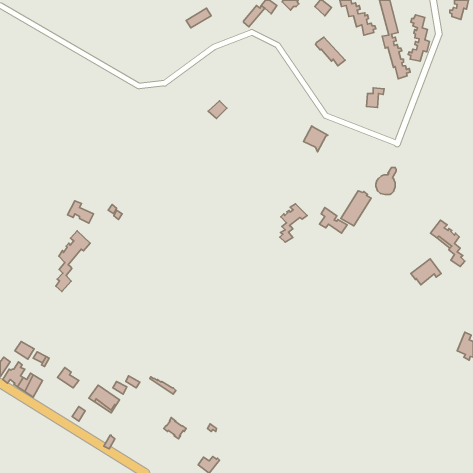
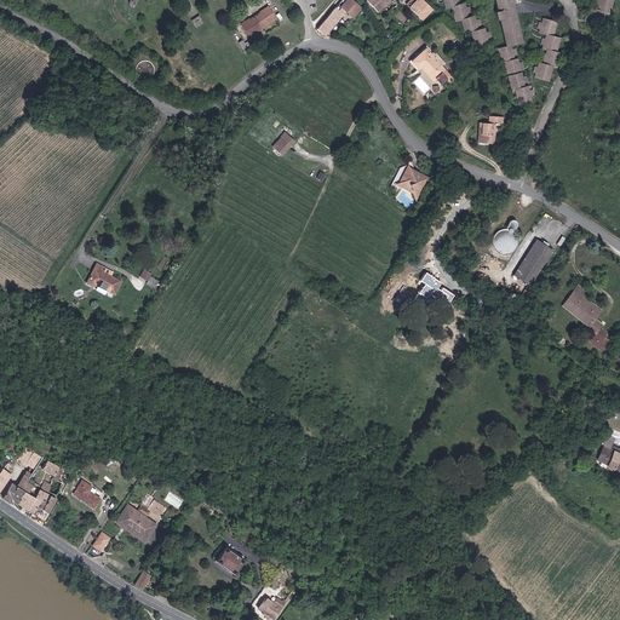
building: [341,191,371,226] -> [513,239,553,285]
building: [280,204,307,242] -> none
building: [56,231,90,291] -> none
building: [411,259,441,285] -> none

